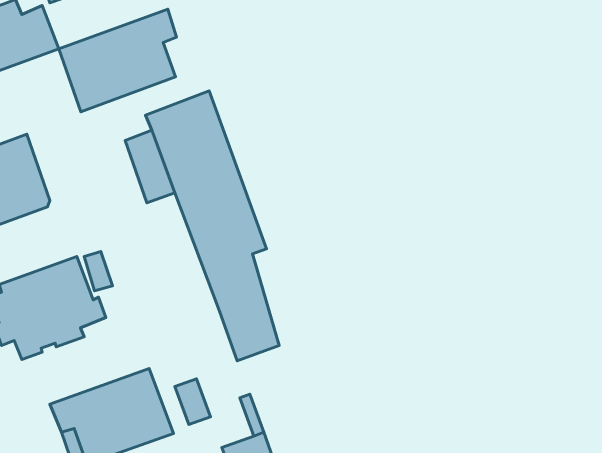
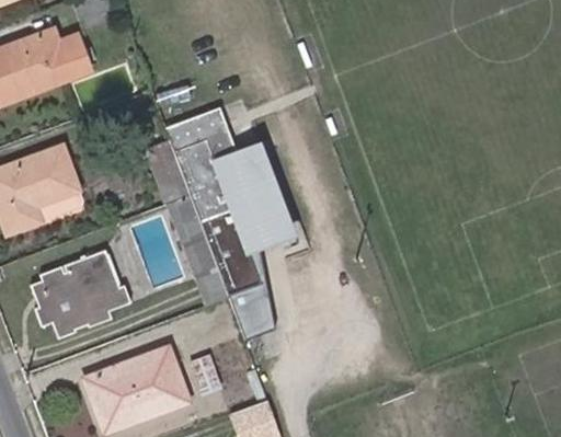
building: [59,9,177,112] -> none
building: none -> [236,141,295,242]
building: none -> [165,194,228,304]

